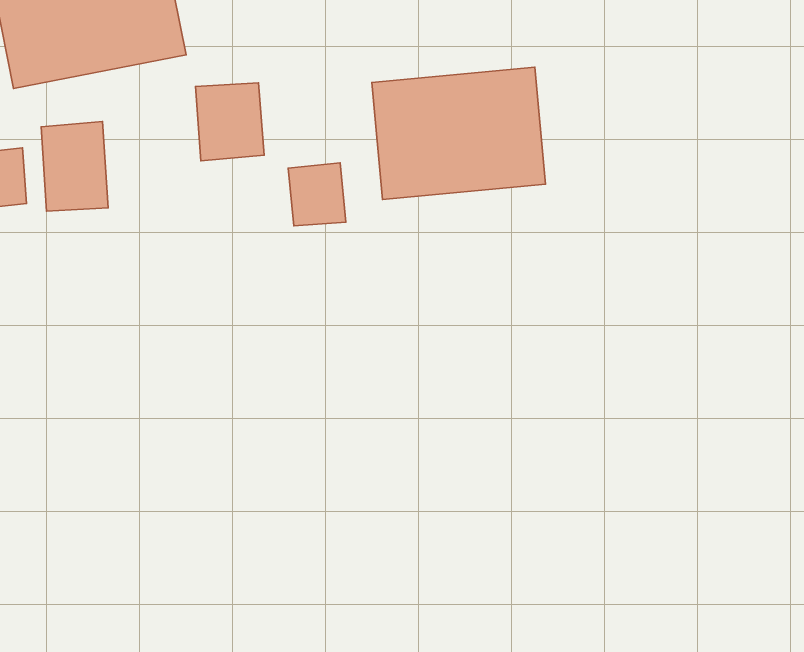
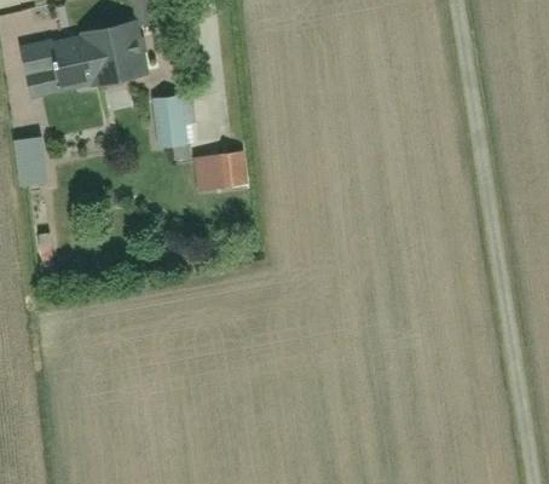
building: [372,67,545,200] -> none
building: [41,122,108,211] -> none

